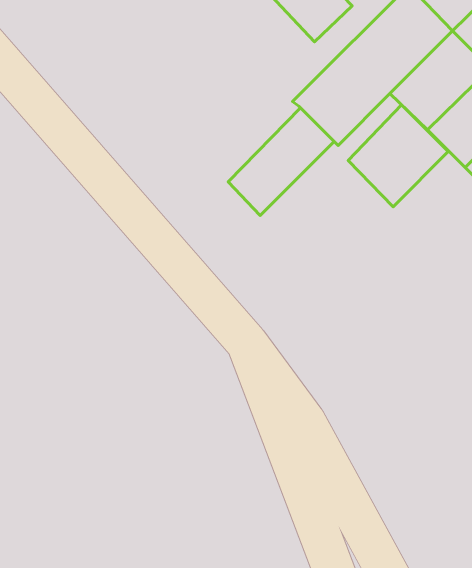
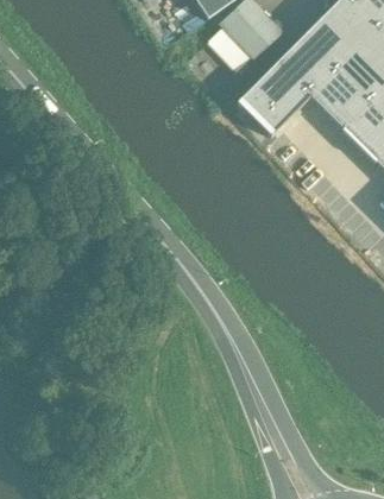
building: [348,105,448,207] -> none
building: [228,108,334,216] -> none

